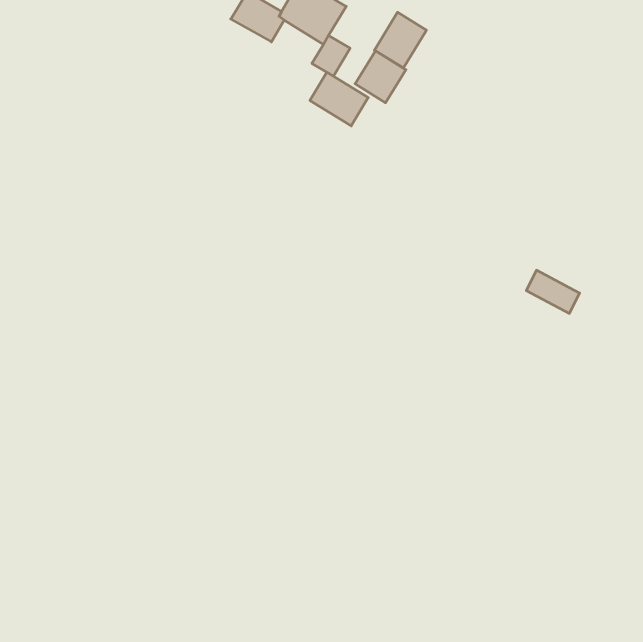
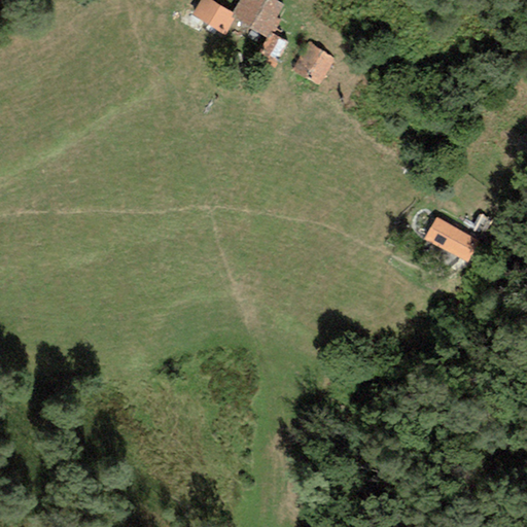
building: [374,12,426,68] -> none
building: [310,72,368,126] -> none

